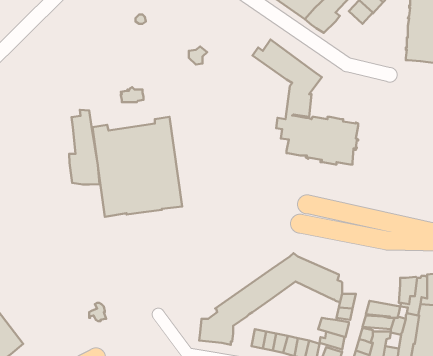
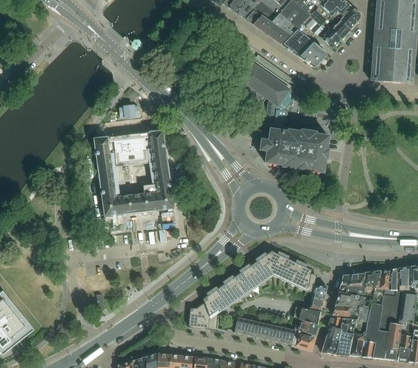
building: none -> [298,41,327,67]
building: [69,110,99,184] -> none
building: none -> [339,273,365,294]

